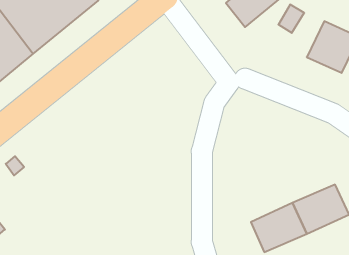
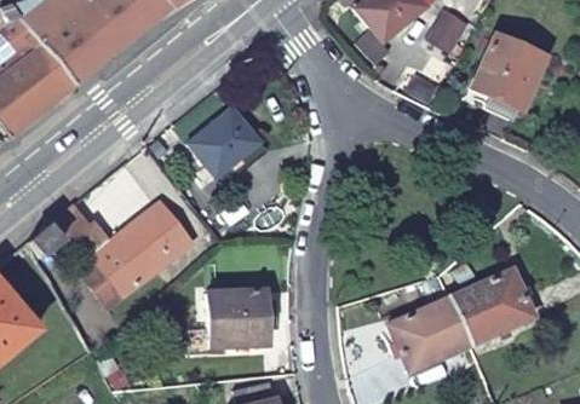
building: none -> [190,108,264,178]
building: none -> [63,203,193,310]
building: none -> [206,287,268,346]

